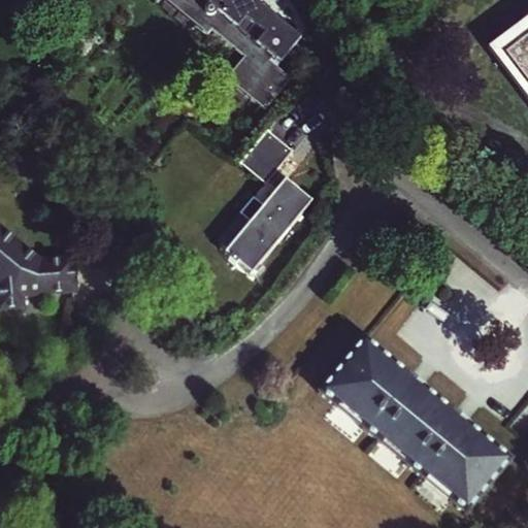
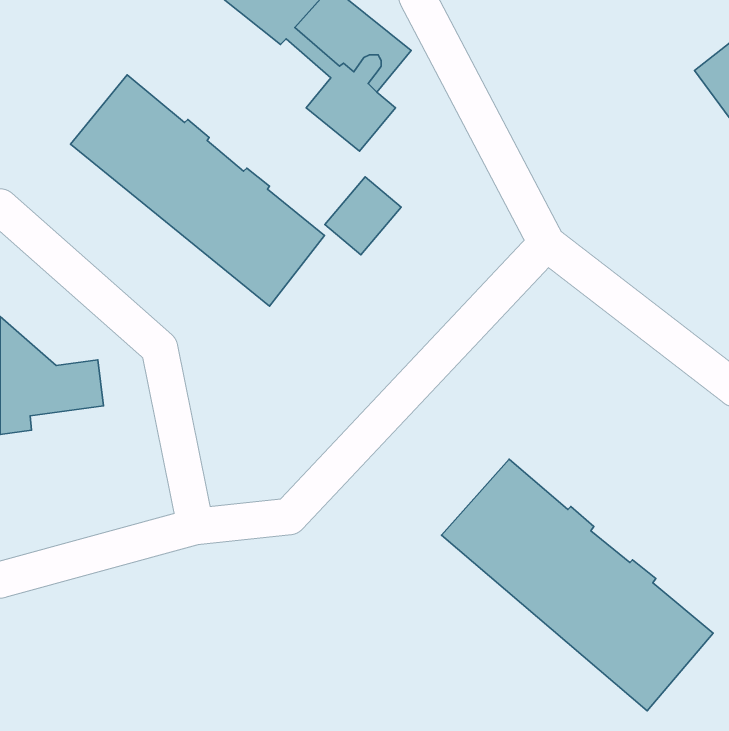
building: none -> [71,75,324,306]
building: [222,174,311,273] -> none

